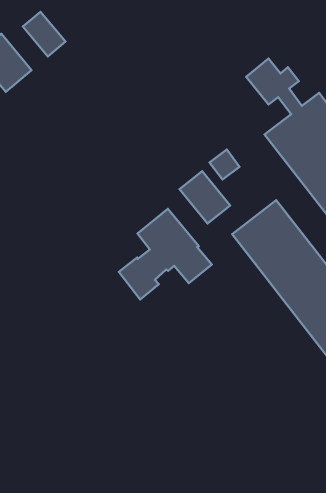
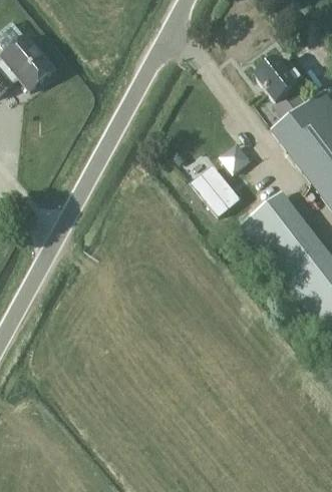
building: [23,12,65,56] -> none
building: [119,209,212,300] -> none

